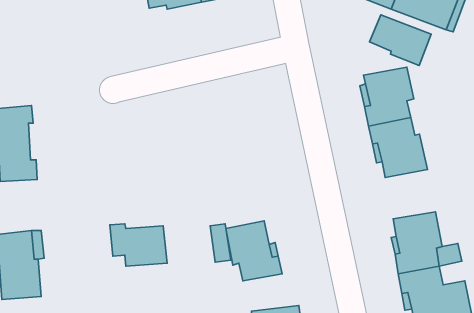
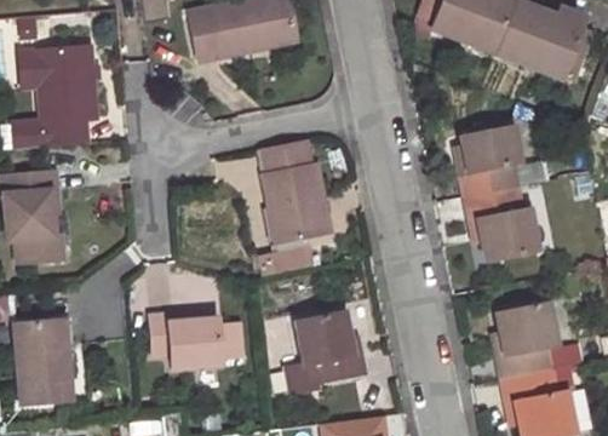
building: none -> [35,47,94,147]
building: [369,15,431,66] -> none
building: none -> [254,140,322,246]

